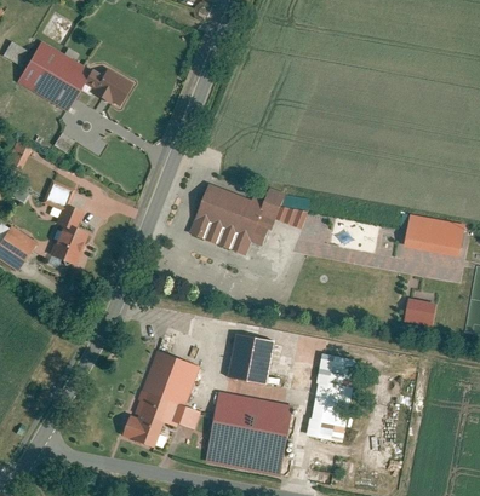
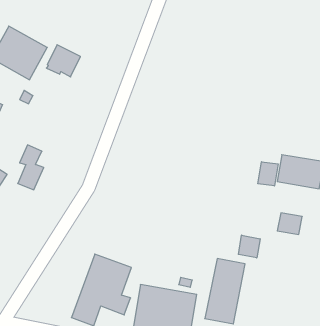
building: [185,178,310,255] -> none
building: none -> [258,162,278,186]
building: none -> [238,235,260,258]
building: [228,335,274,387] -> none

